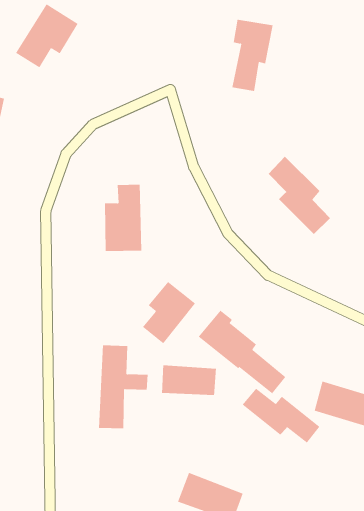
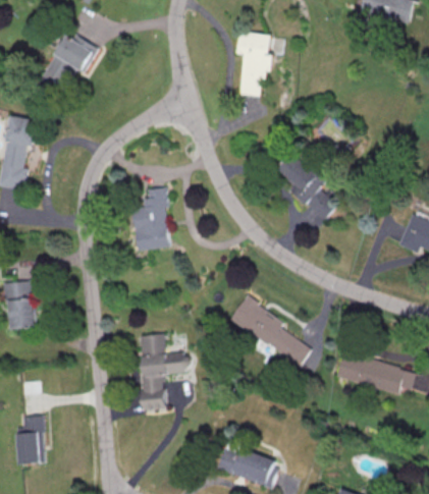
building: [142,281,196,344] -> none
building: [162,364,216,396] -> none
building: [242,388,320,443] -> none

